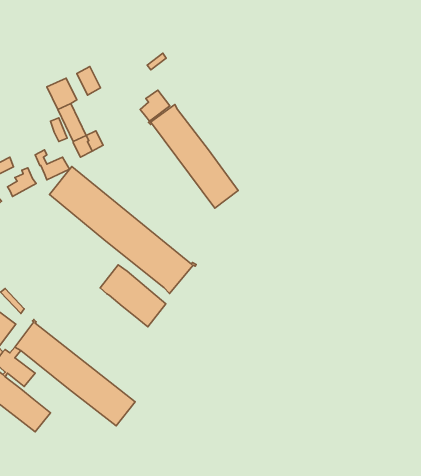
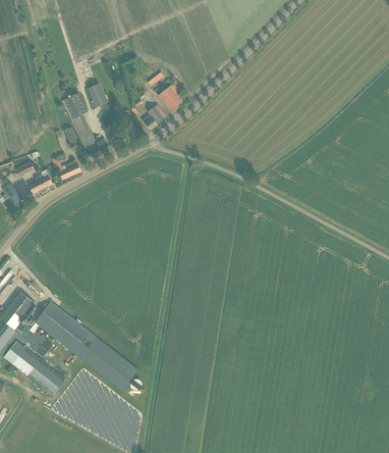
building: none -> [157,83,186,112]
building: [148,105,238,208] -> none
building: [49,166,196,293] -> none
building: [100,265,166,327] -> none

